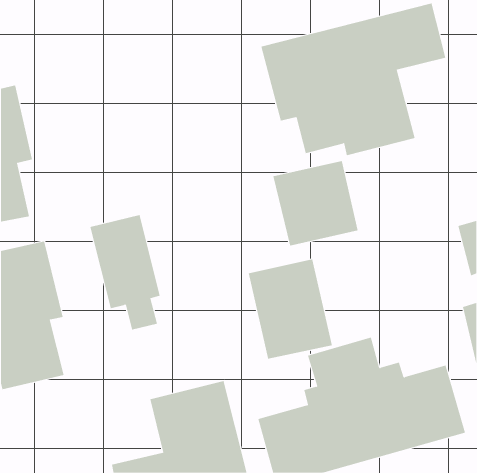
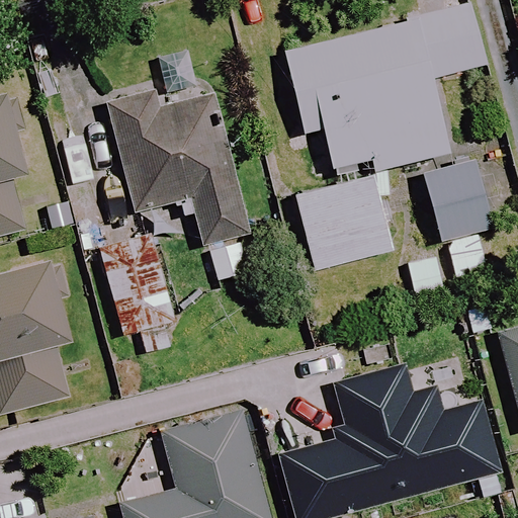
building: none -> [104,71,251,283]
building: none -> [422,160,497,242]
building: [248,258,332,359] -> none

